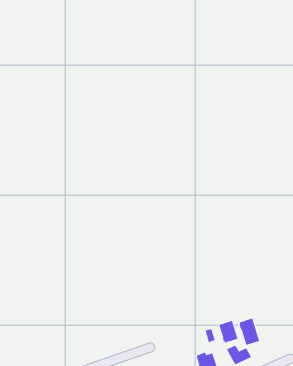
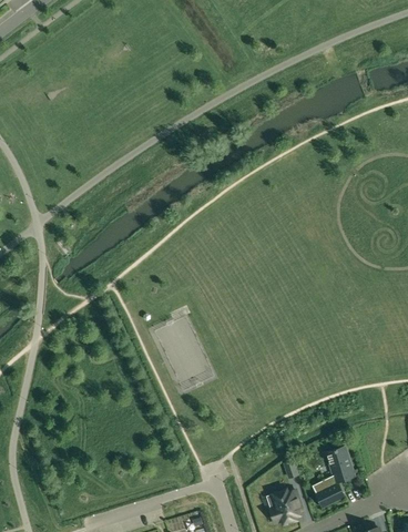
building: [219,320,238,343] -> none

